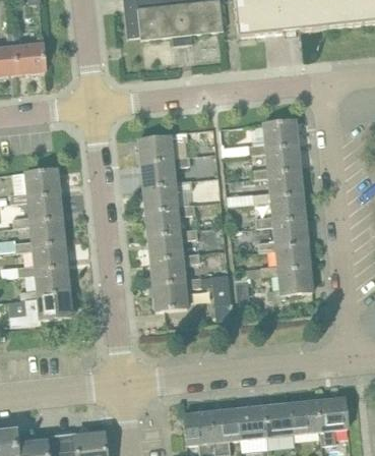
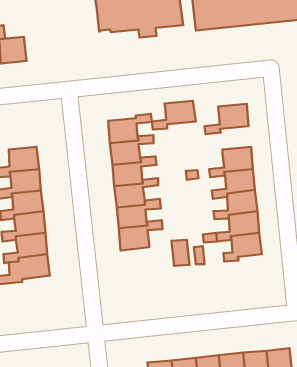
building: [251,145,301,177] -> [152,101,196,130]
building: [152,276,202,310] -> none

